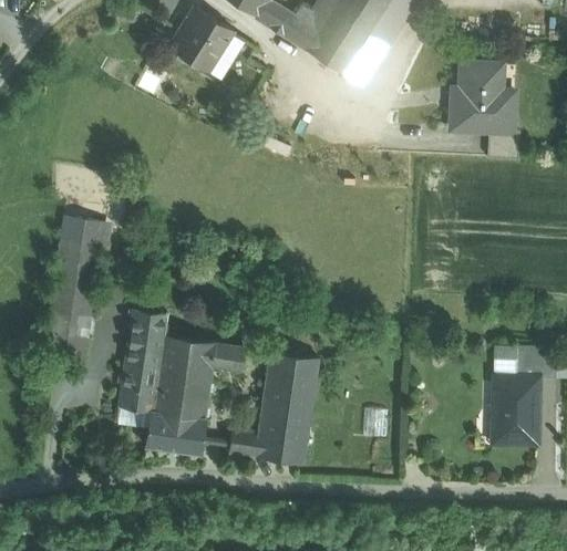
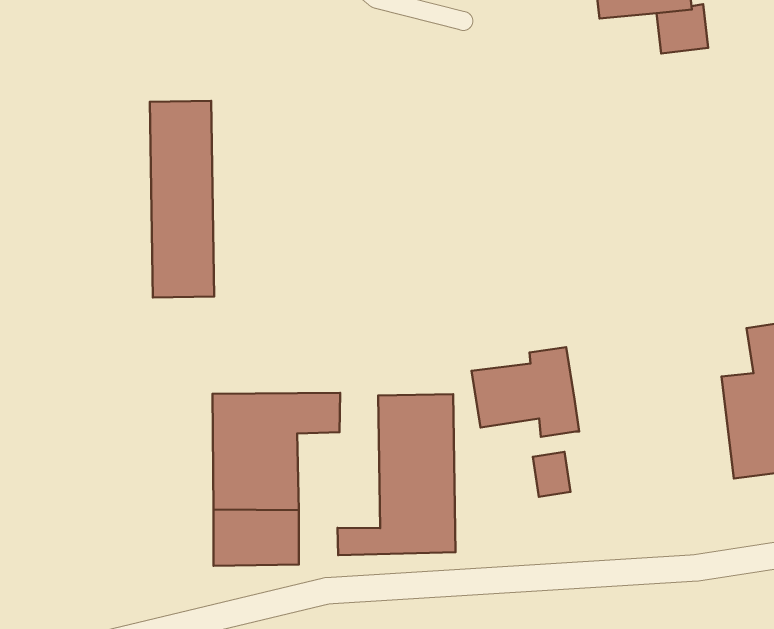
building: [45,217,103,350] -> [150,101,214,297]
building: [118,309,164,409] -> none
building: none -> [472,347,579,437]

